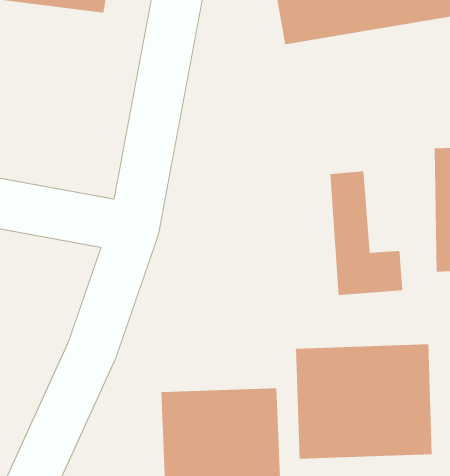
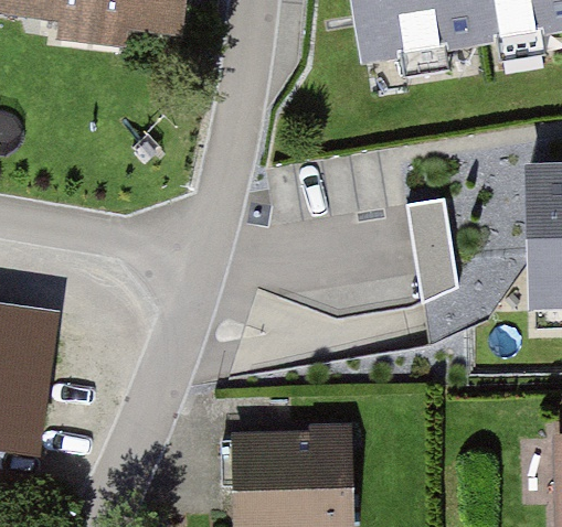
building: [296,343,432,460] -> none

